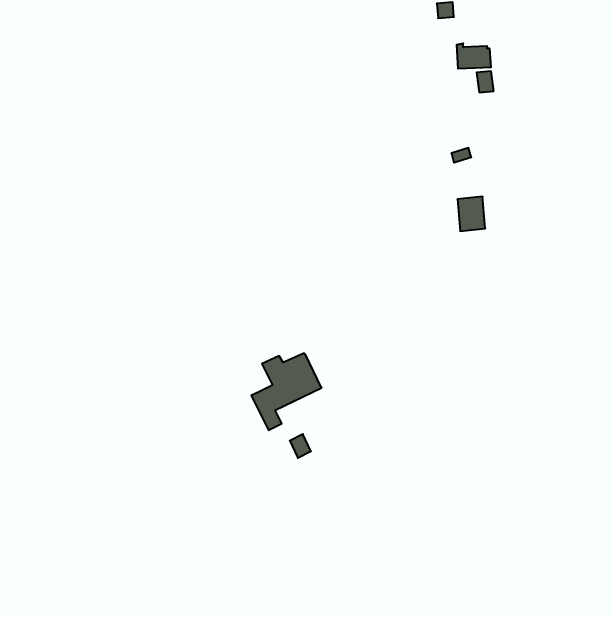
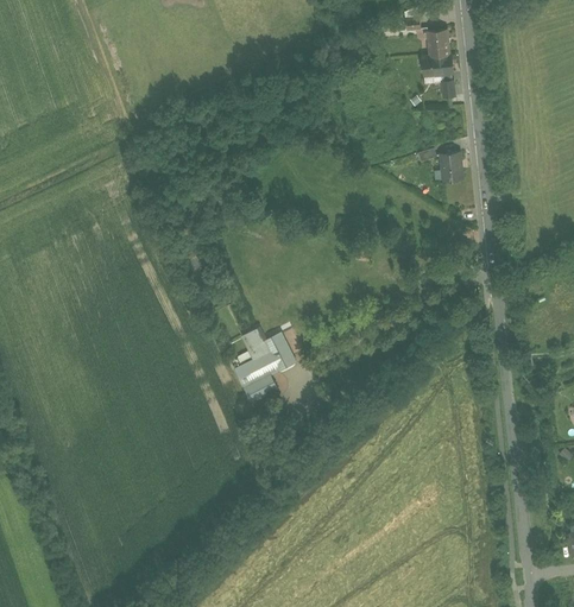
building: none -> [424,29,448,56]
building: [457,197,485,231] -> [437,150,462,181]

